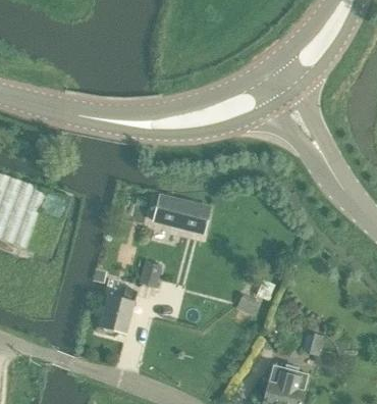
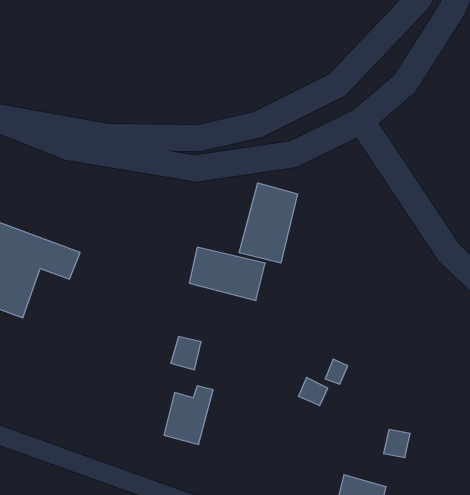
building: none -> [239,183,298,263]
building: [99,289,137,334] -> [164,386,213,444]

